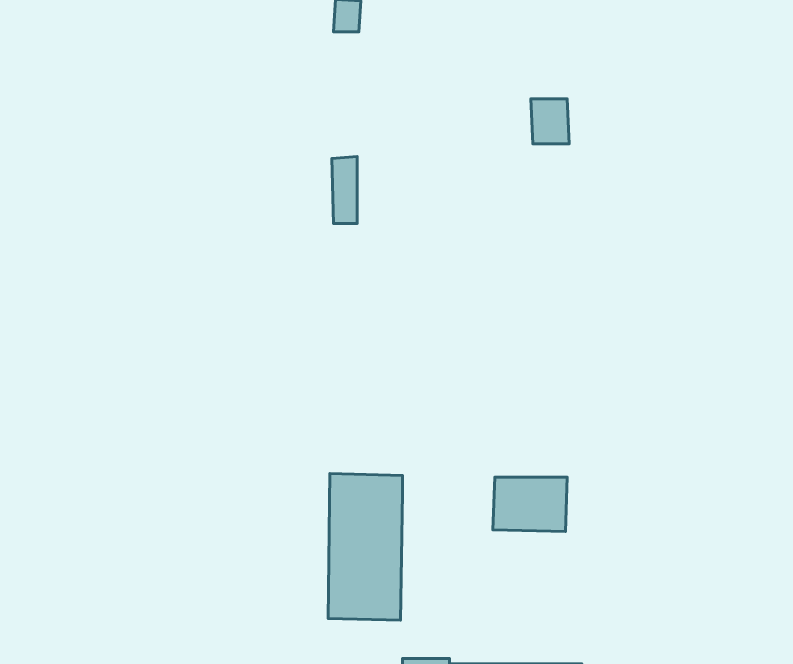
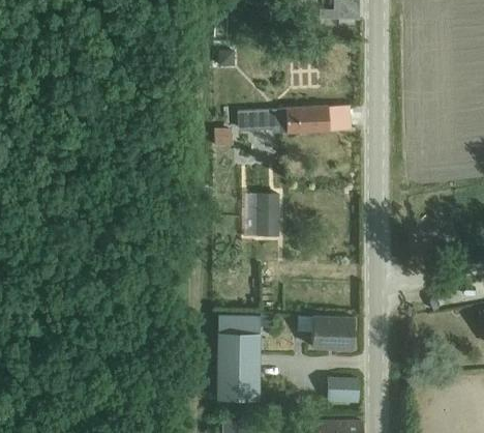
building: none -> [237,110,325,134]
building: none -> [259,195,280,238]
building: none -> [327,378,358,402]

